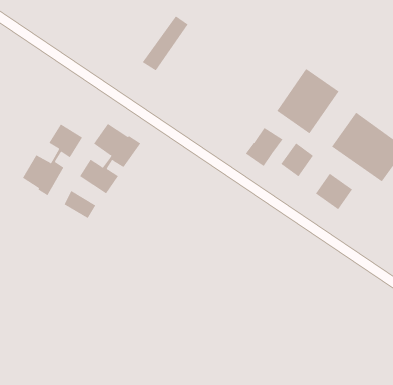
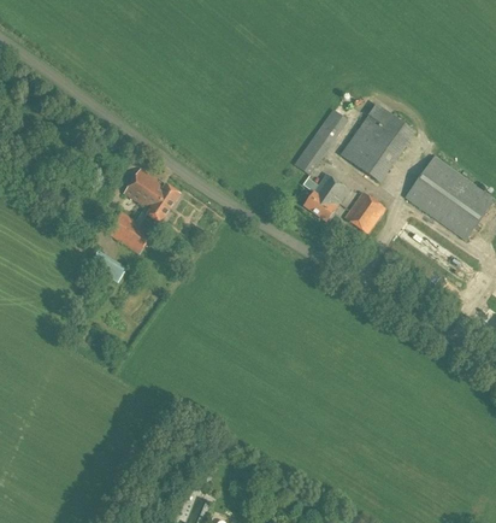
building: [142,15,189,71] -> [293,108,348,175]
building: [22,124,83,196] -> none
building: [315,173,353,210] -> none

